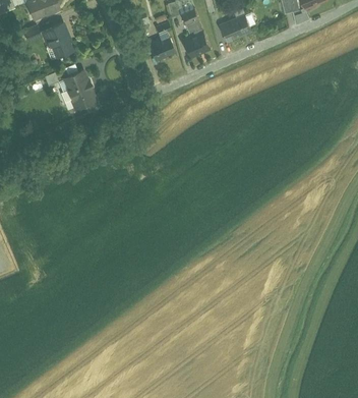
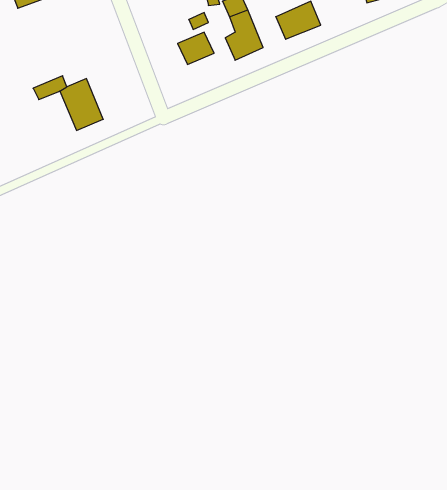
building: [43,21,72,59] -> none

